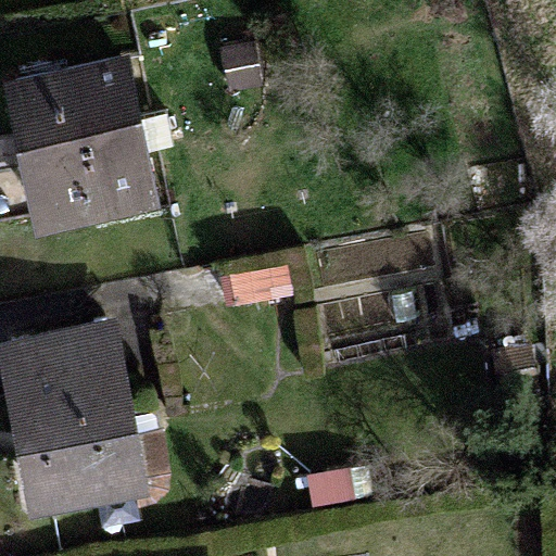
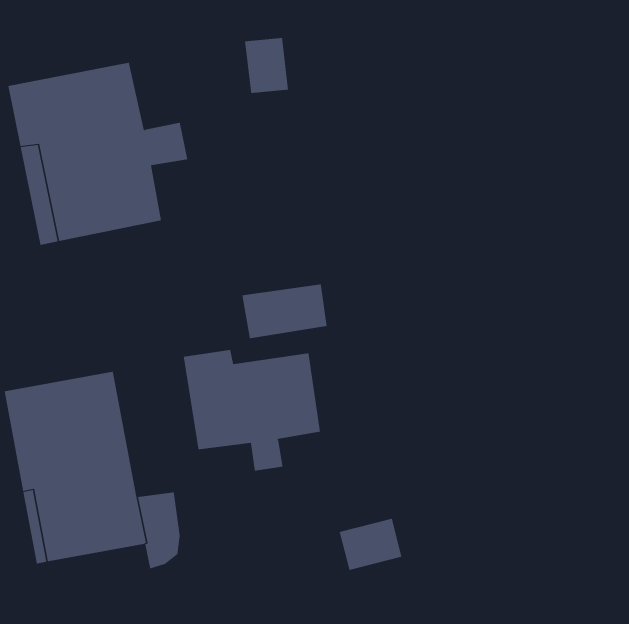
building: none -> [183,349,320,471]

